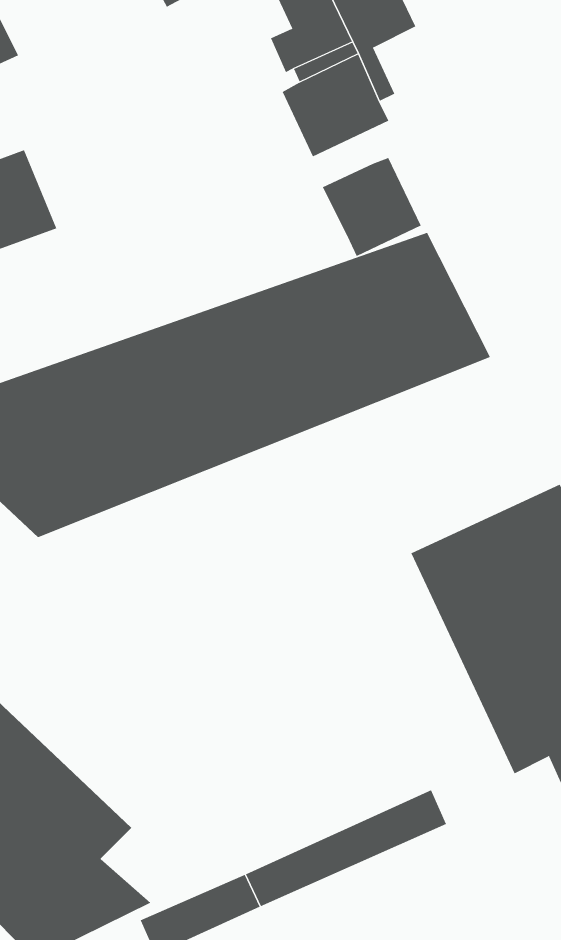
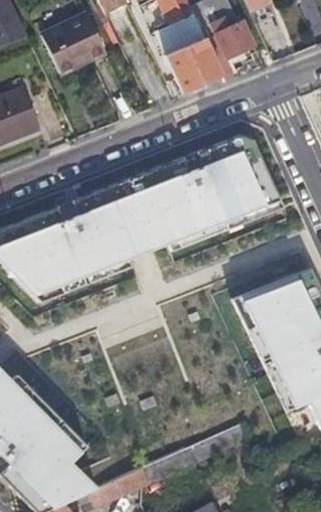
building: none -> [45,18,107,76]
building: none -> [212,23,253,60]
building: [322,157,421,257] -> none

